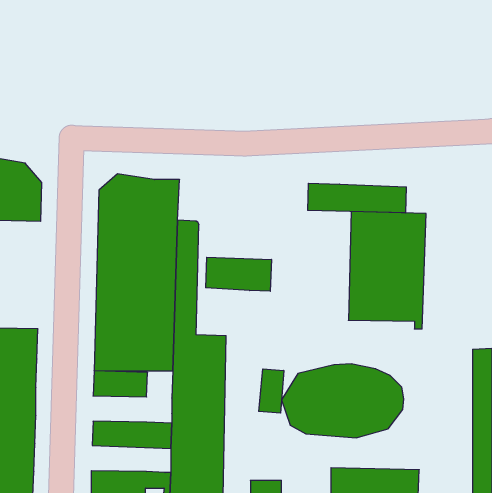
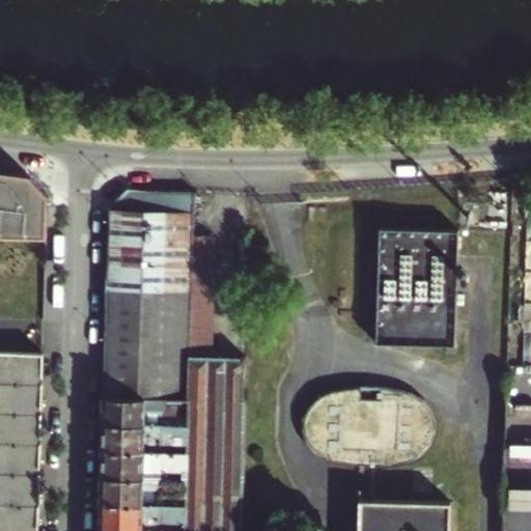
building: [308,183,406,213] -> none
building: [206,257,271,291] -> none
building: [259,369,284,413] -> none
building: none -> [100,426,184,454]
building: none -> [97,479,183,508]

